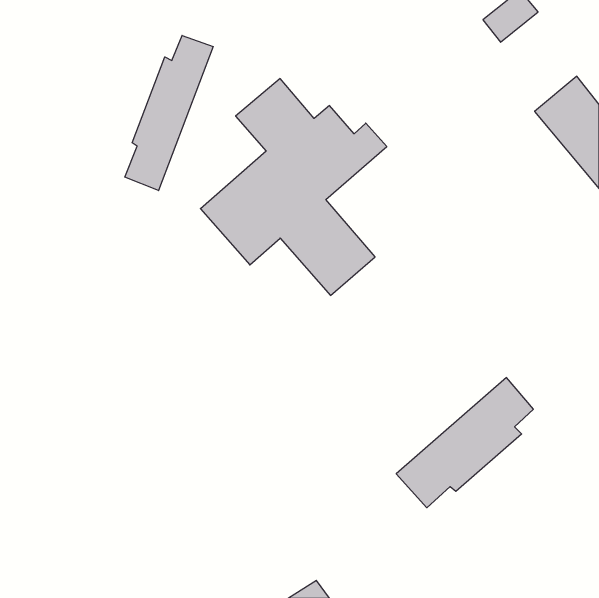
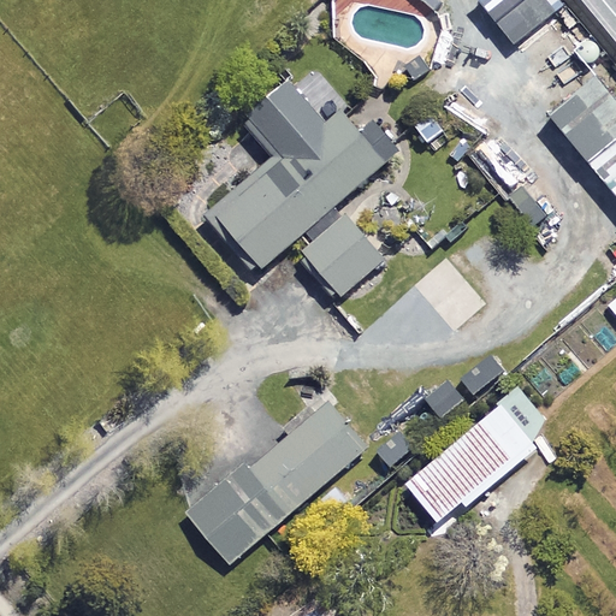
building: [125,35,213,191] -> none
building: none -> [182,398,368,563]

